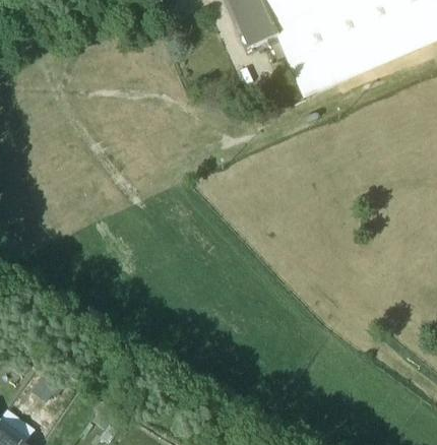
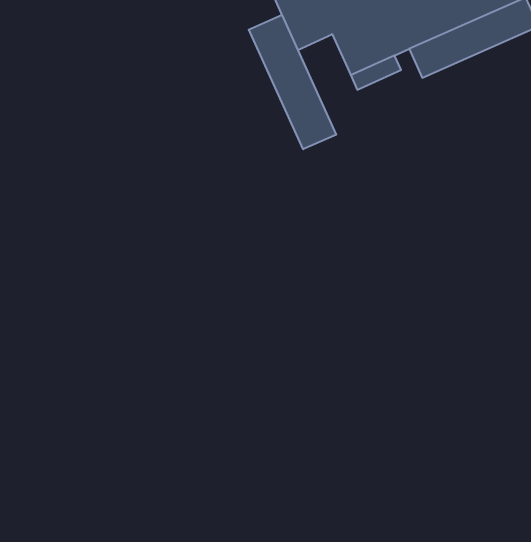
building: none -> [249,15,336,149]

